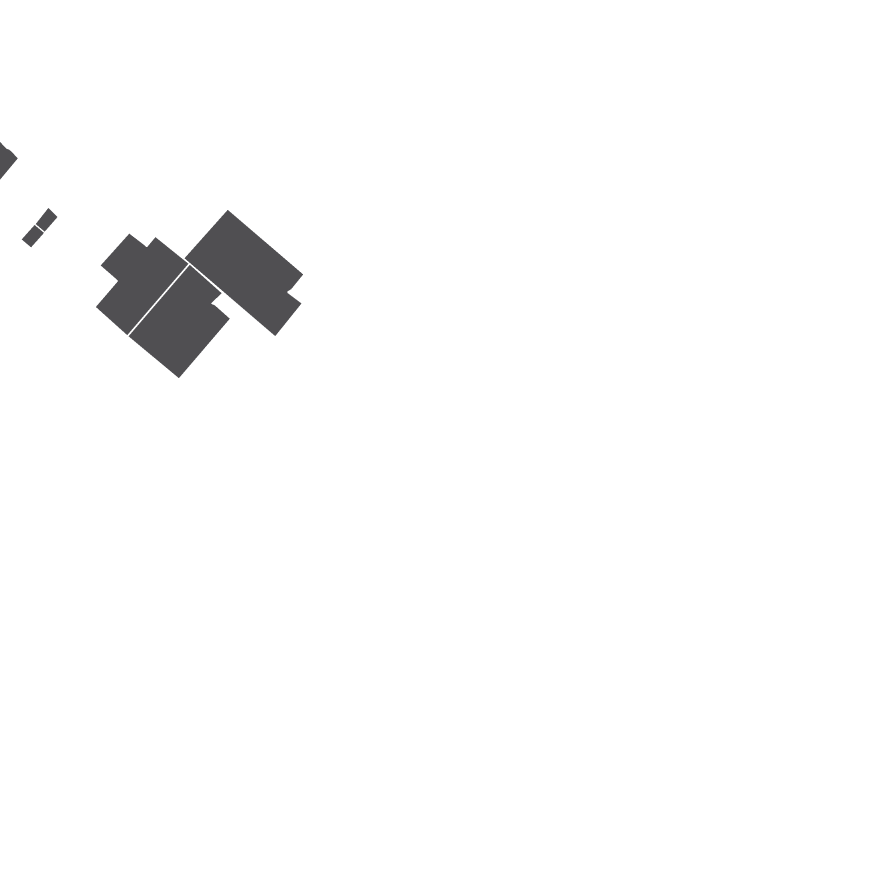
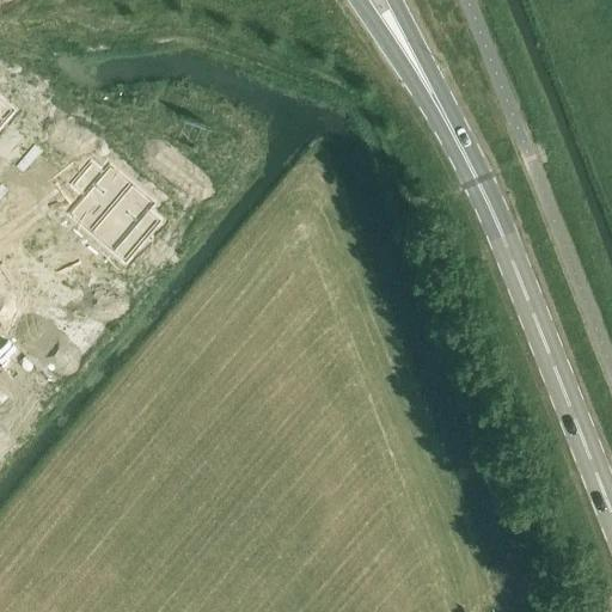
building: [184,209,304,337] -> none

